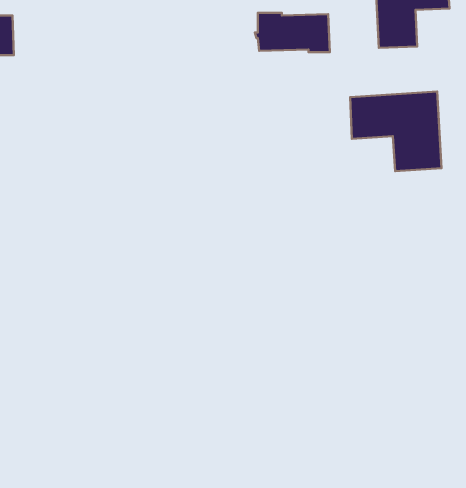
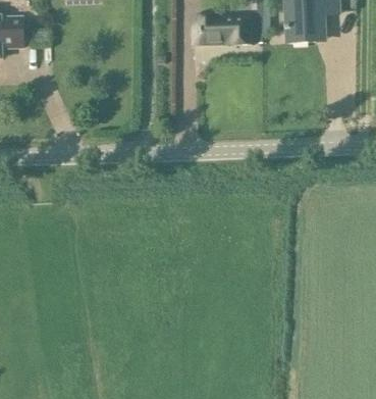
building: [350,92,441,171] -> none

